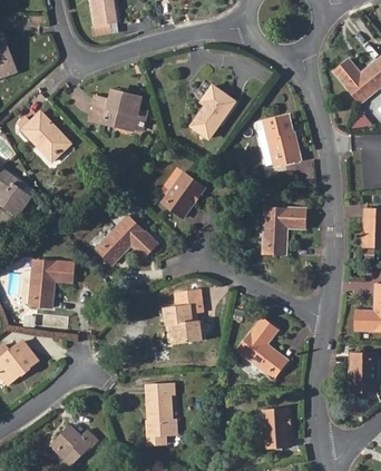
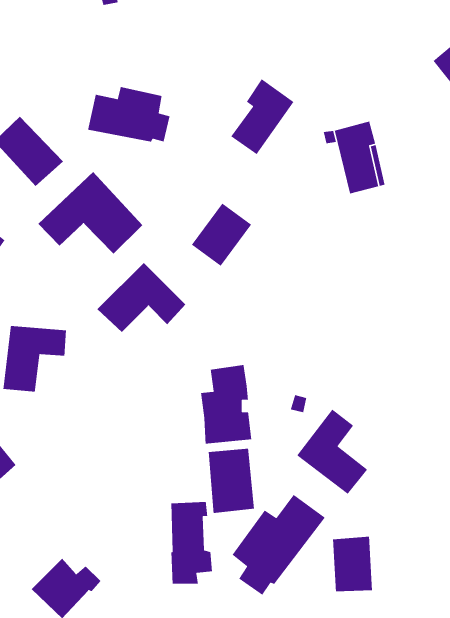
building: none -> [38,171,143,255]
building: [263,207,305,253] -> none
building: none -> [208,448,255,514]
building: none -> [231,494,326,596]

